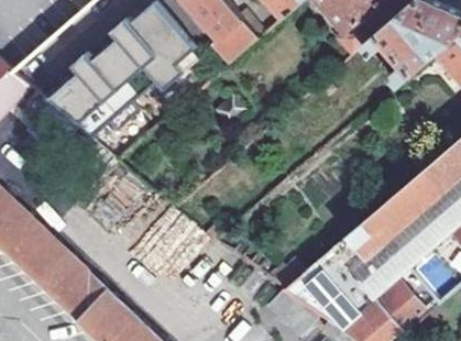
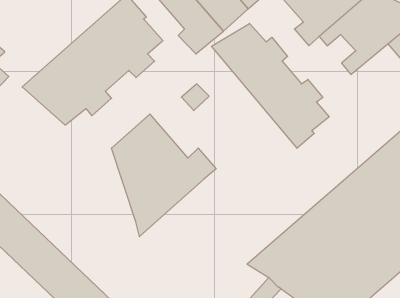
building: none -> [212,23,329,148]
building: none -> [111,114,216,237]

